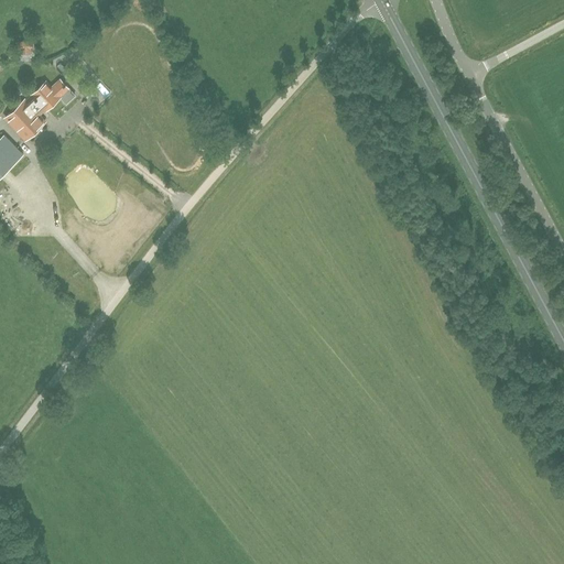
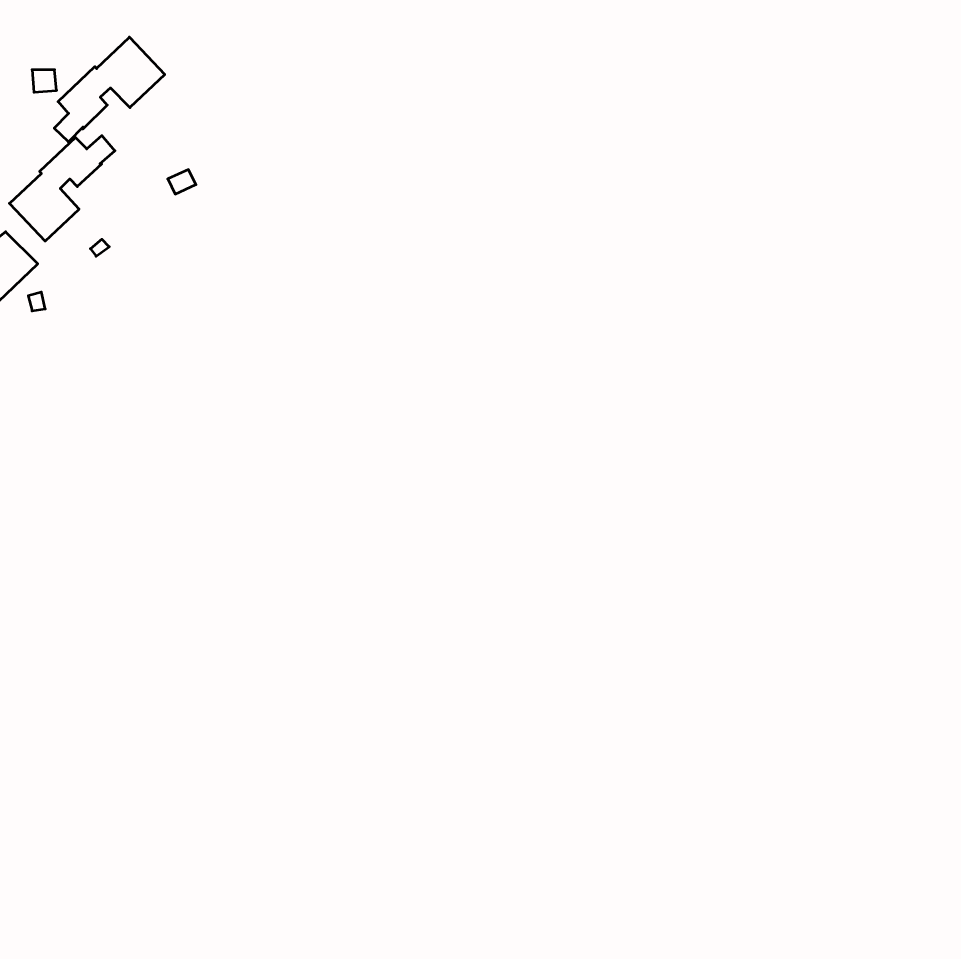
building: none -> [54,37,165,142]

